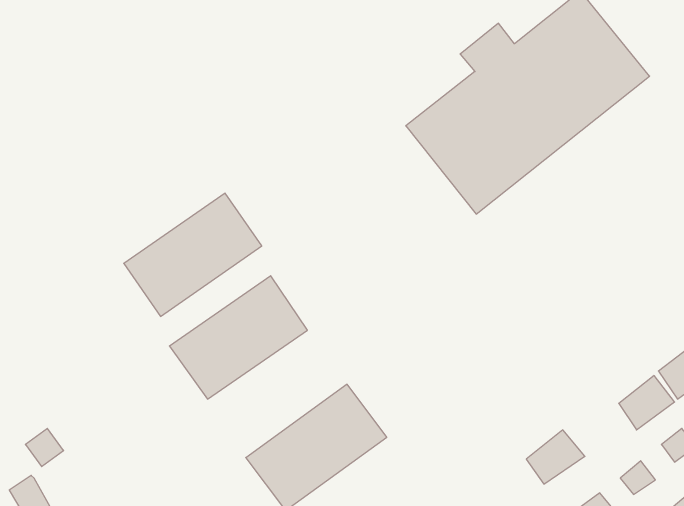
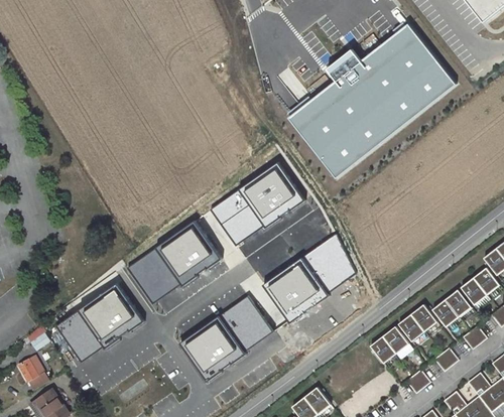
building: [124,193,262,316] -> [210,162,304,247]
building: none -> [261,234,356,323]
building: none -> [53,282,141,363]
building: none -> [398,303,437,341]

